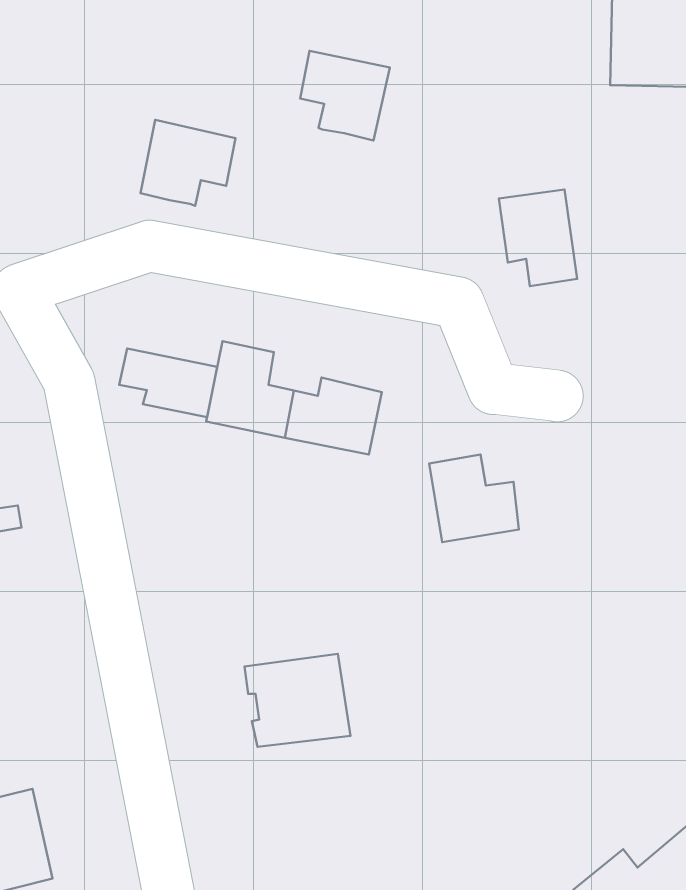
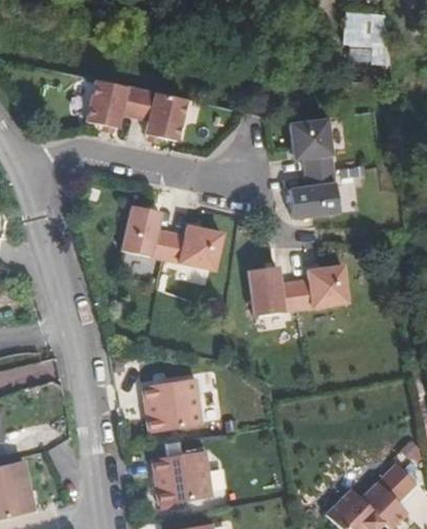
building: [300,51,390,141] -> [132,89,183,139]
building: none -> [287,168,337,218]
building: [119,348,217,417] -> none
building: none -> [295,266,347,310]
building: none -> [153,454,214,507]

